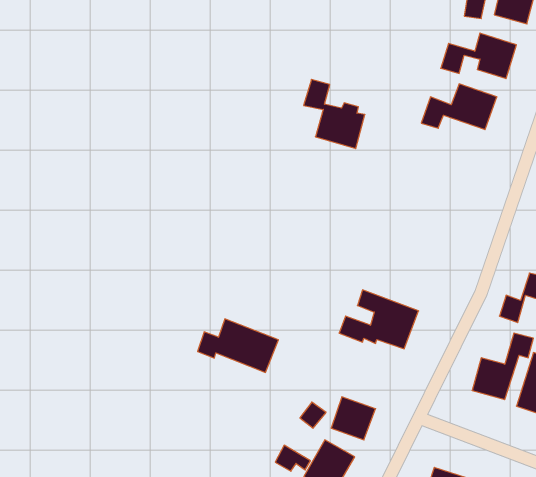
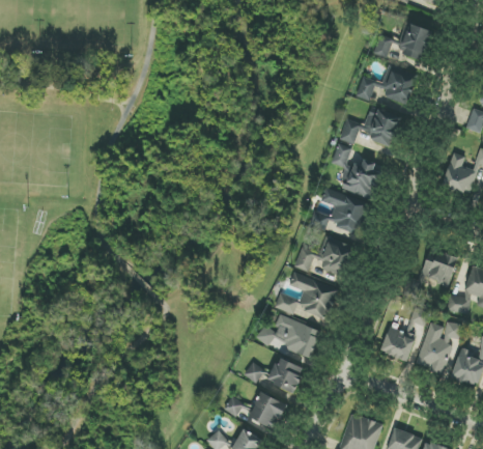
building: [304,79,365,149] -> [331,143,379,198]
building: none -> [320,190,371,234]
building: none -> [294,236,354,278]
building: [198,319,278,372] -> [257,314,321,357]

